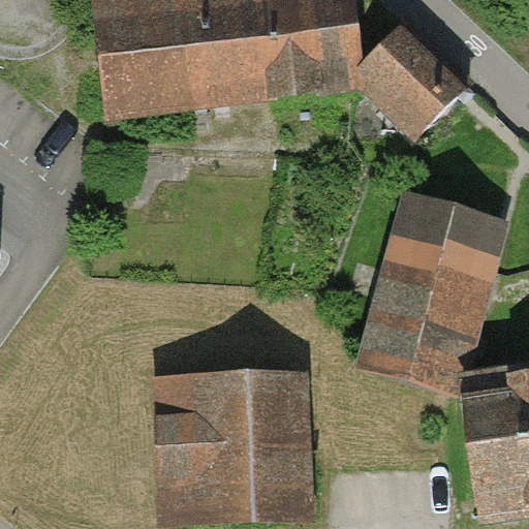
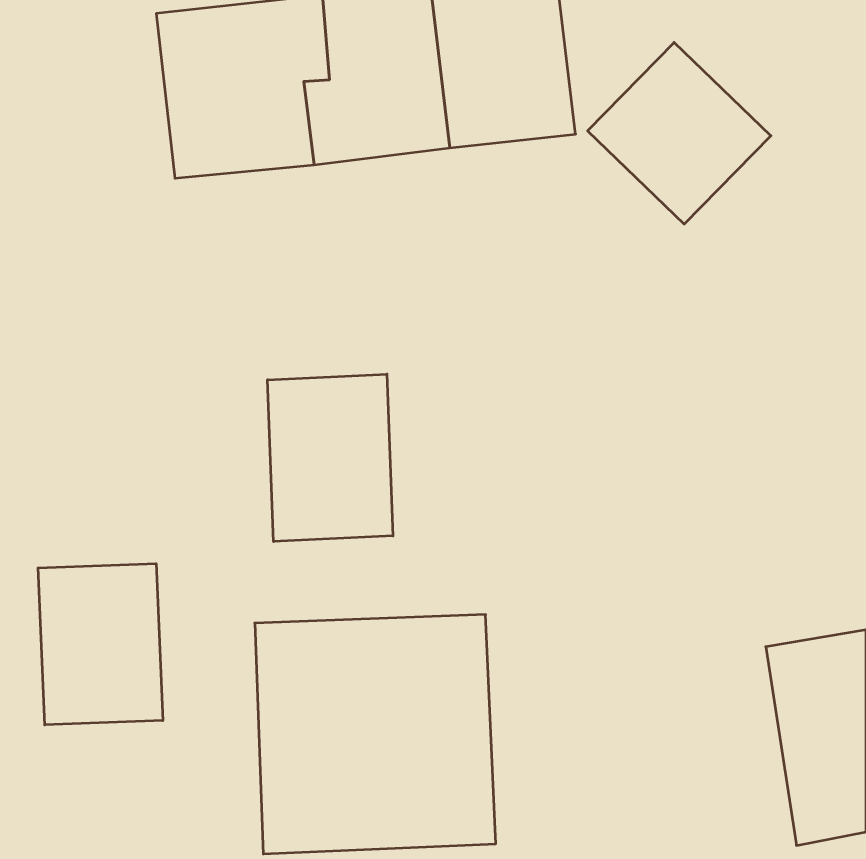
building: [362,196,498,393] -> none
building: none -> [268,374,393,542]
building: none -> [38,564,163,725]

